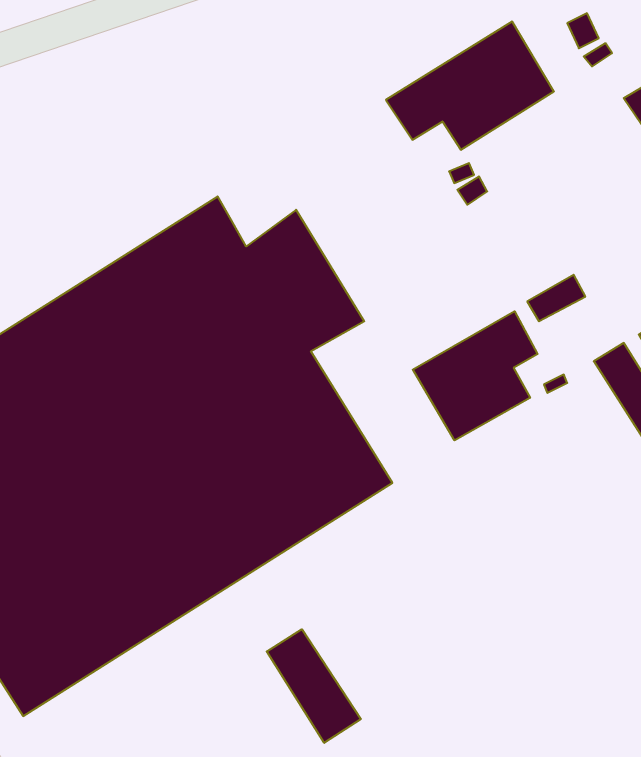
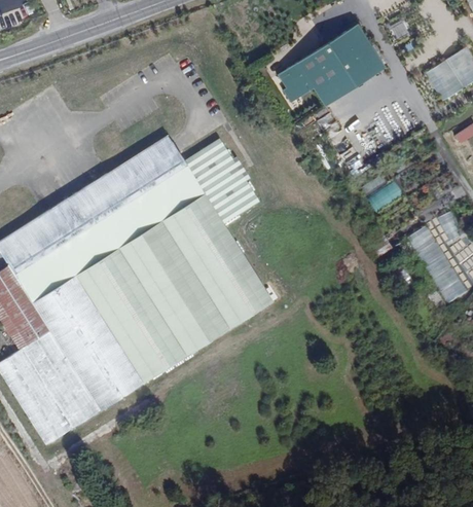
building: [413,311,538,440] -> none
building: [267,629,361,743] -> none

